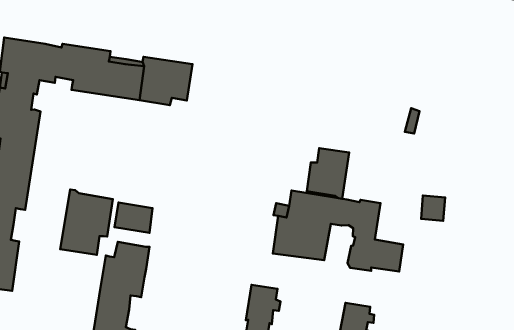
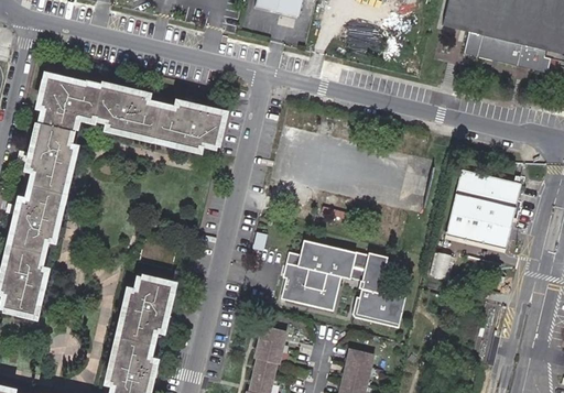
building: none -> [445,170,519,249]
building: [307,148,349,199] -> none
building: [60,190,113,255] -> none

